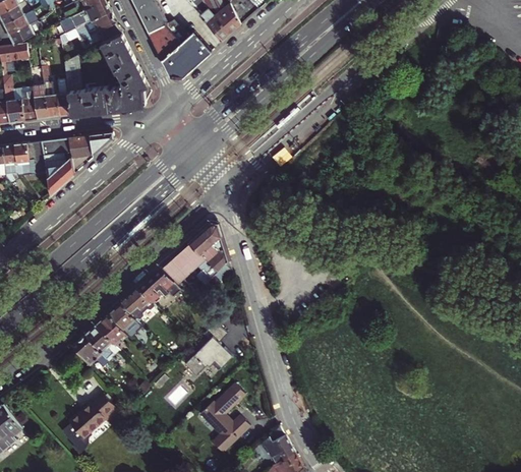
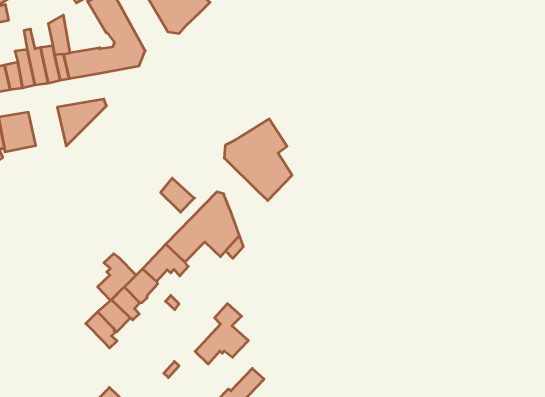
building: [41,139,73,196] -> none
building: none -> [224,119,292,201]
building: none -> [161,178,195,212]
building: none -> [98,254,136,300]
building: [70,337,99,366] -> none

